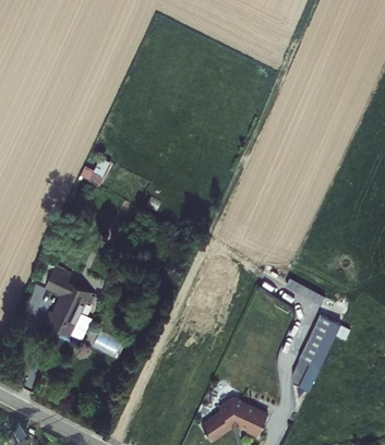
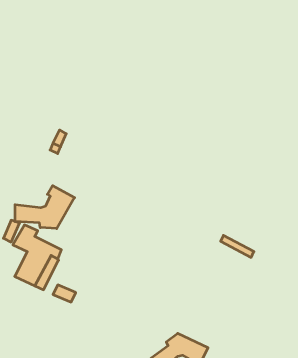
building: none -> [15,186,75,229]
building: [291,301,347,394] -> none

